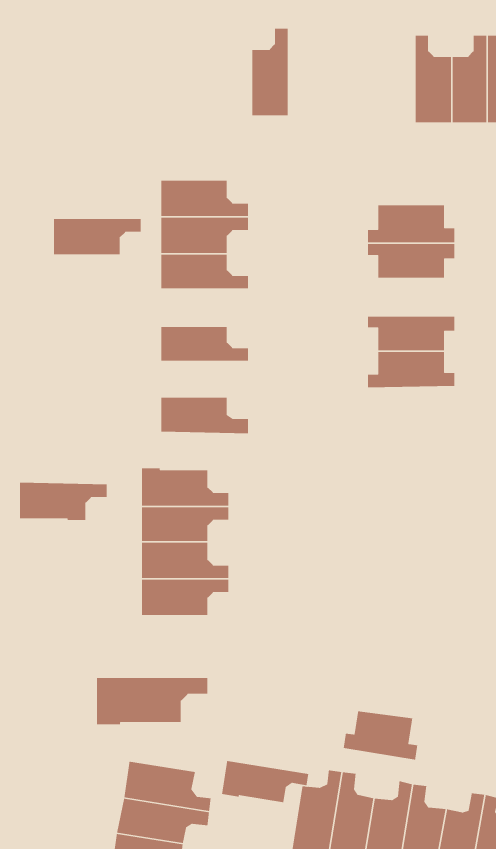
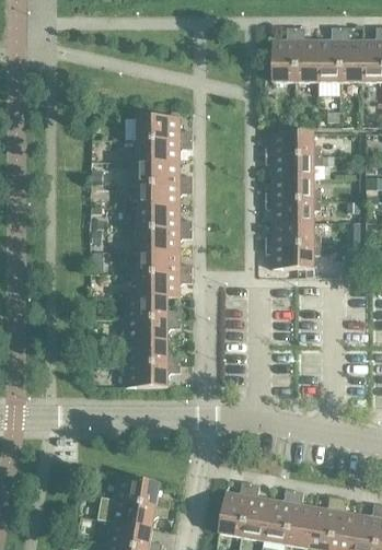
building: [251,28,288,116] -> [271,26,294,81]
building: [53,218,142,255] -> [137,184,192,207]
building: none -> [265,177,320,200]
building: none -> [137,229,192,250]
building: none -> [265,244,320,268]
building: [19,482,107,521] -> [137,272,192,296]
building: [96,677,208,725] -> none
building: [343,710,418,760] -> none
building: [221,760,309,803] -> none

